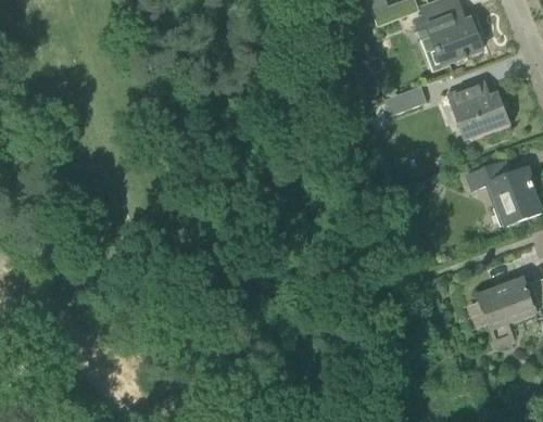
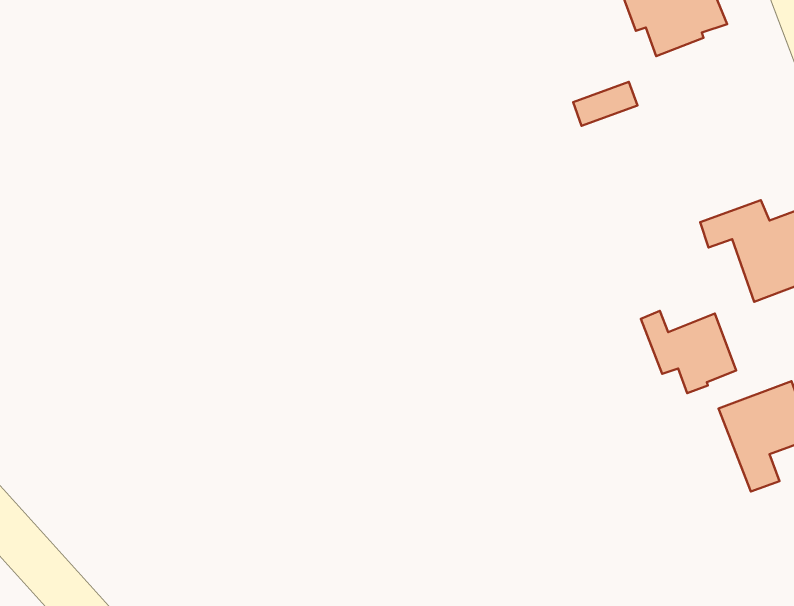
building: [449,78,512,141] -> none
building: none -> [641,311,736,393]

